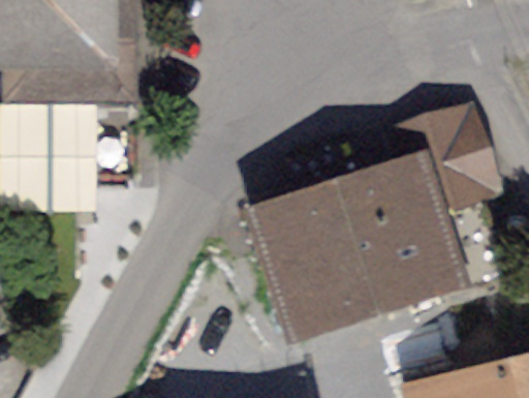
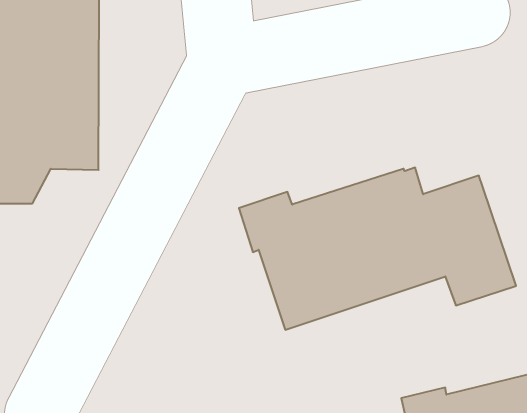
building: [377,115,475,200] -> none

